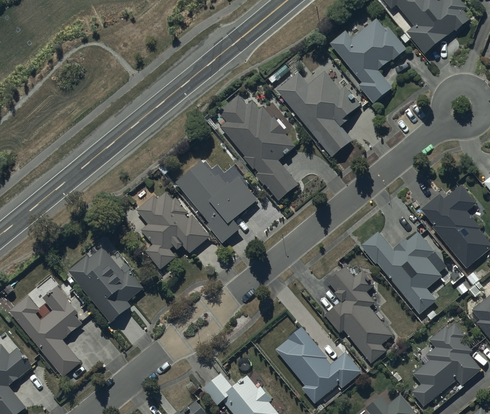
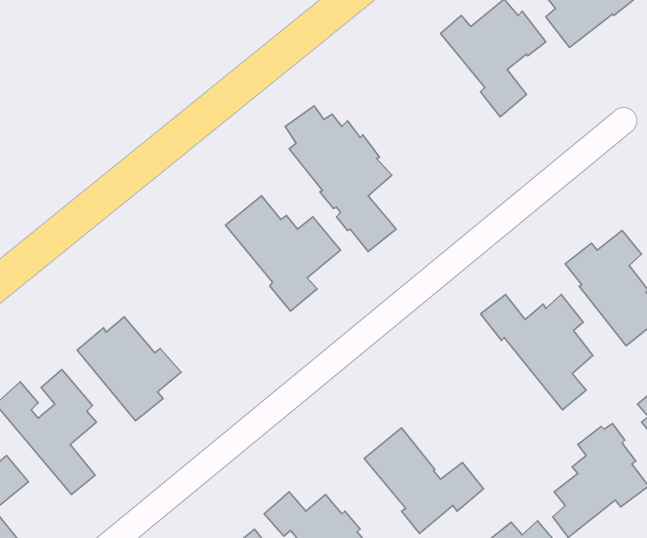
building: [276,71,361,157] -> none
building: [137,191,209,269] -> none
building: [325,266,393,362] -> none

